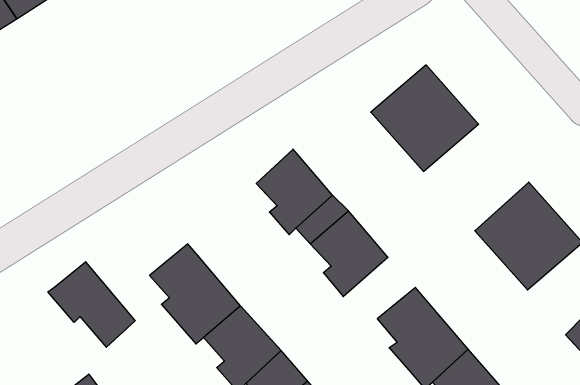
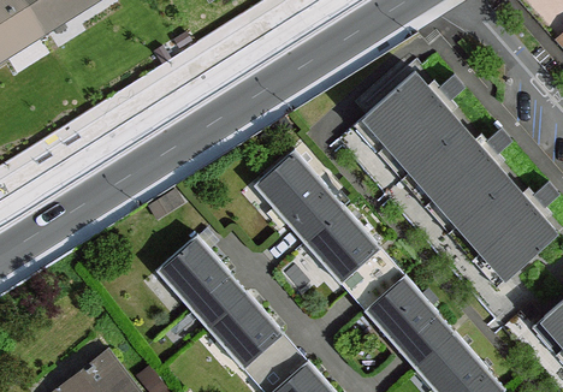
building: none -> [411,127,508,225]
building: none -> [338,249,404,311]
building: [48,262,135,347] -> none

